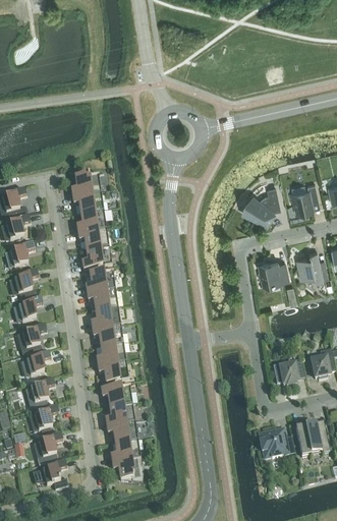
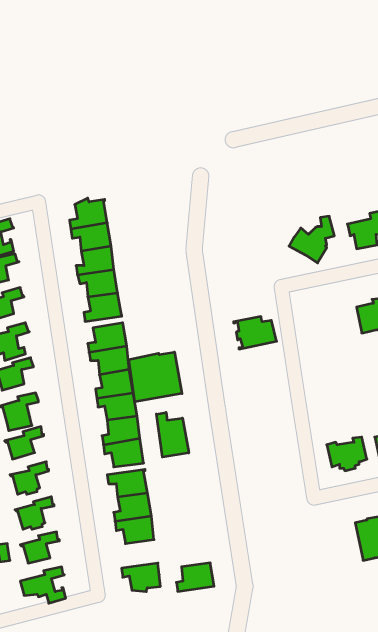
building: [255,256,288,282] -> [234,317,277,349]
building: none -> [129,352,182,402]
building: none -> [156,412,189,457]
building: [259,426,287,455] -> none
building: [110,438,139,460] -> [176,563,214,591]

